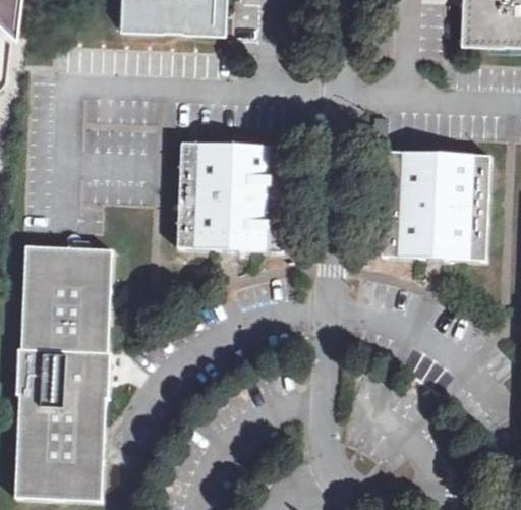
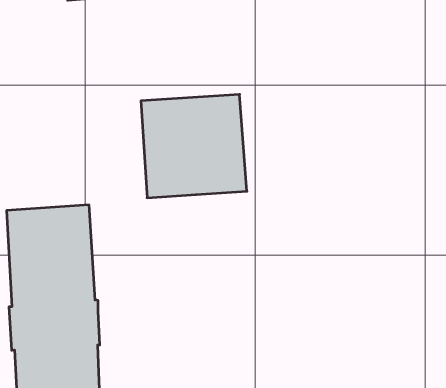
building: [380,151,487,261] -> none

